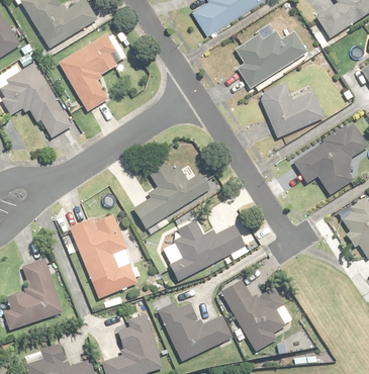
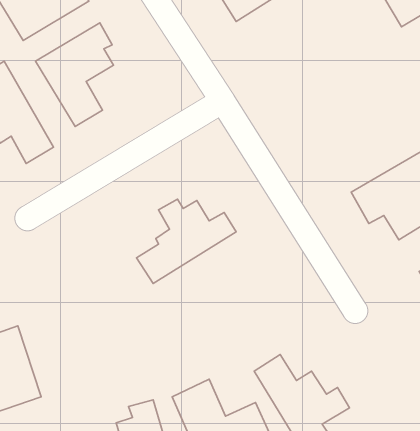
building: [236,32,305,87] -> none
building: [259,83,325,136] -> none
building: [71,214,136,298] -> none
building: [163,220,247,280] -> none

